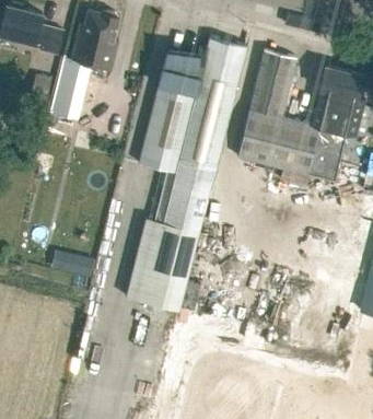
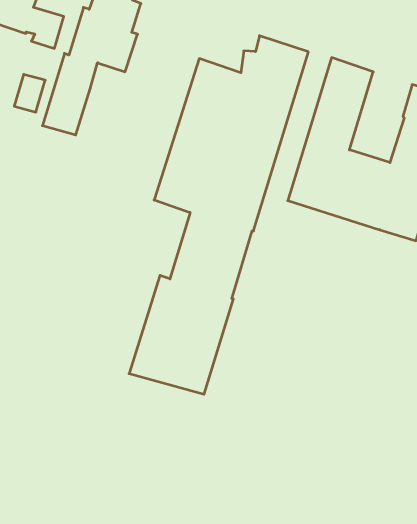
building: [55,251,96,278] -> none

